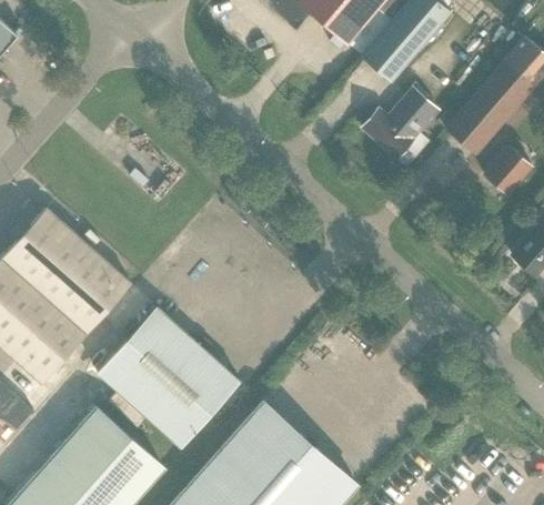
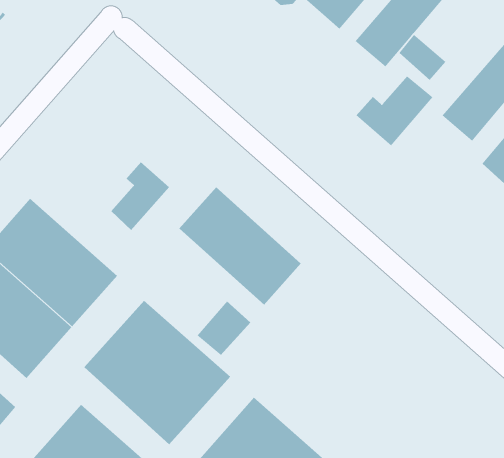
building: none -> [398,34,446,81]
building: none -> [111,161,170,231]
building: none -> [179,186,302,306]
building: none -> [197,301,251,356]

